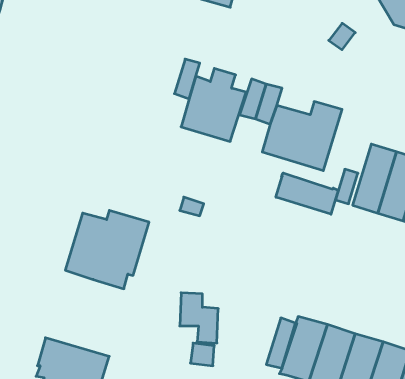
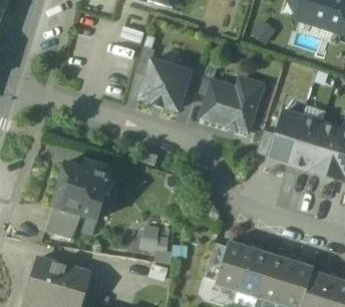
building: [276,173,338,214] -> none
building: none -> [45,206,75,239]

